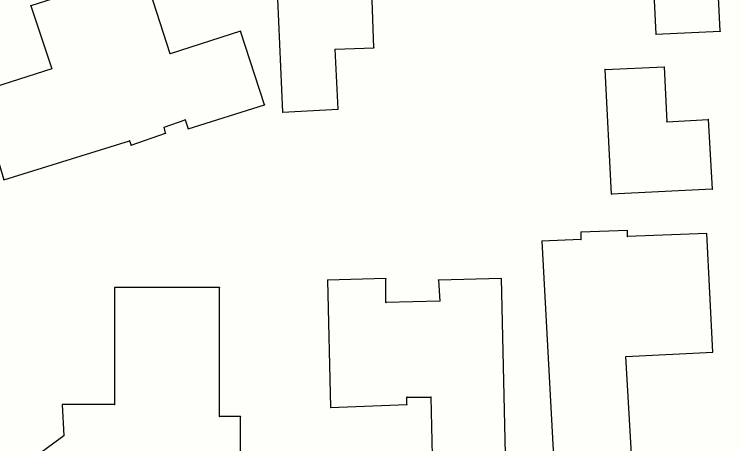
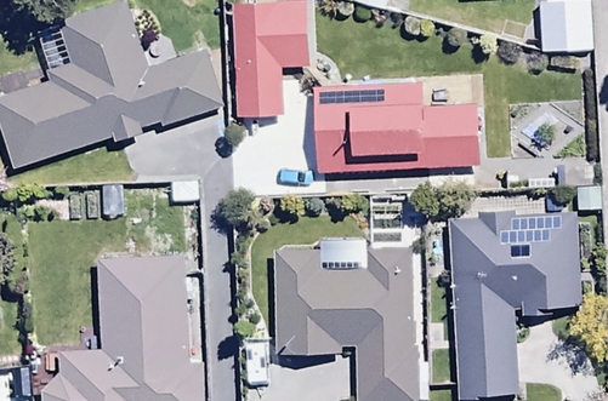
building: [605,67,712,194] -> none
building: none -> [312,80,479,170]

